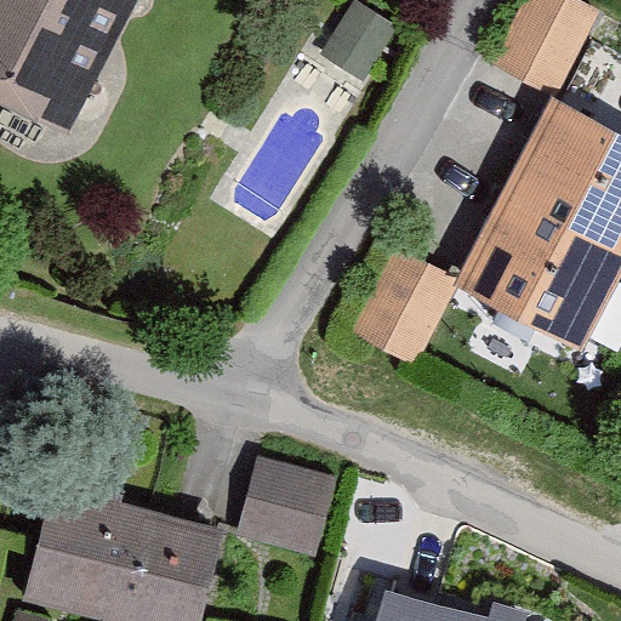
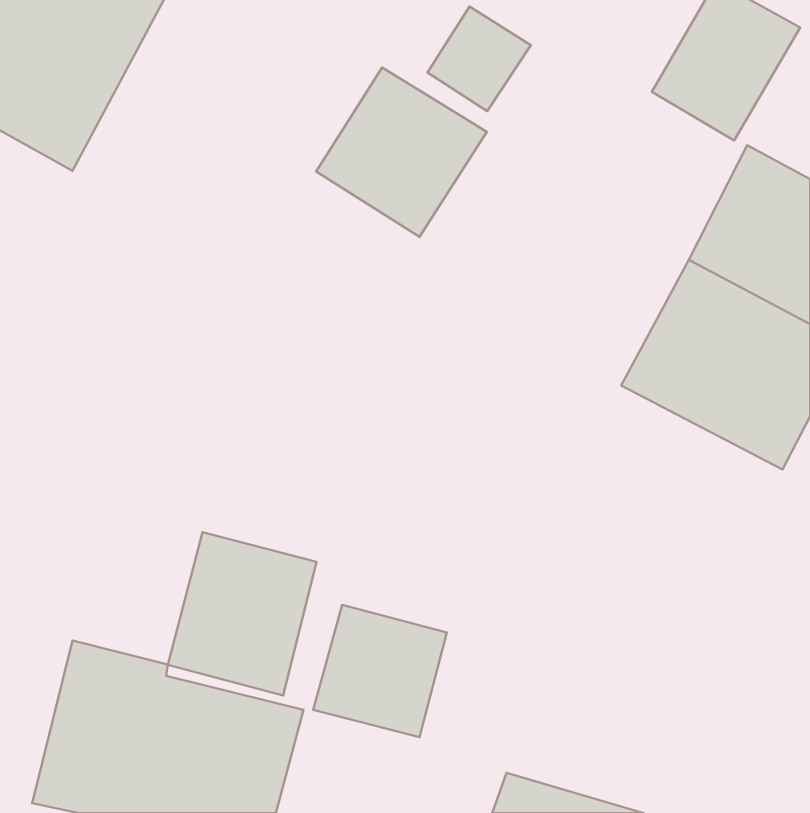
building: none -> [316,67,487,237]
building: [343,247,458,369] -> none
building: none -> [168,532,316,695]

